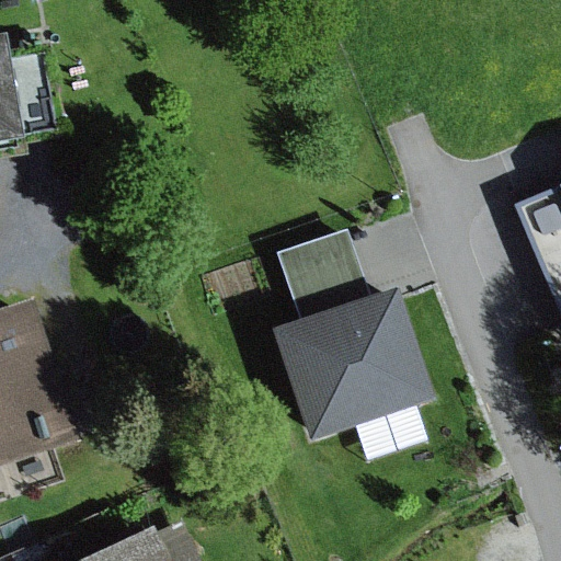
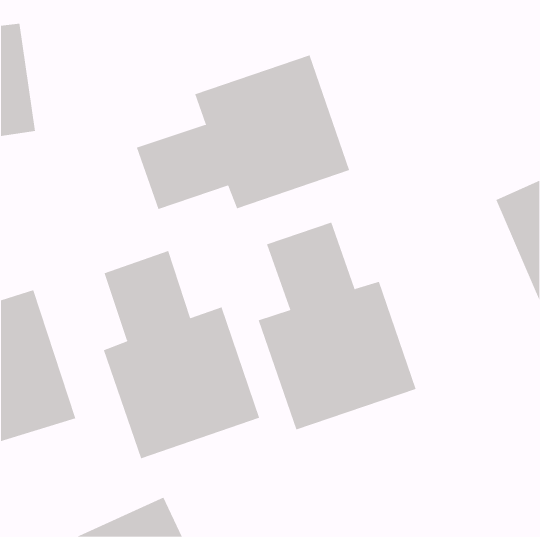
building: none -> [136,55,350,210]
building: none -> [103,250,260,459]

